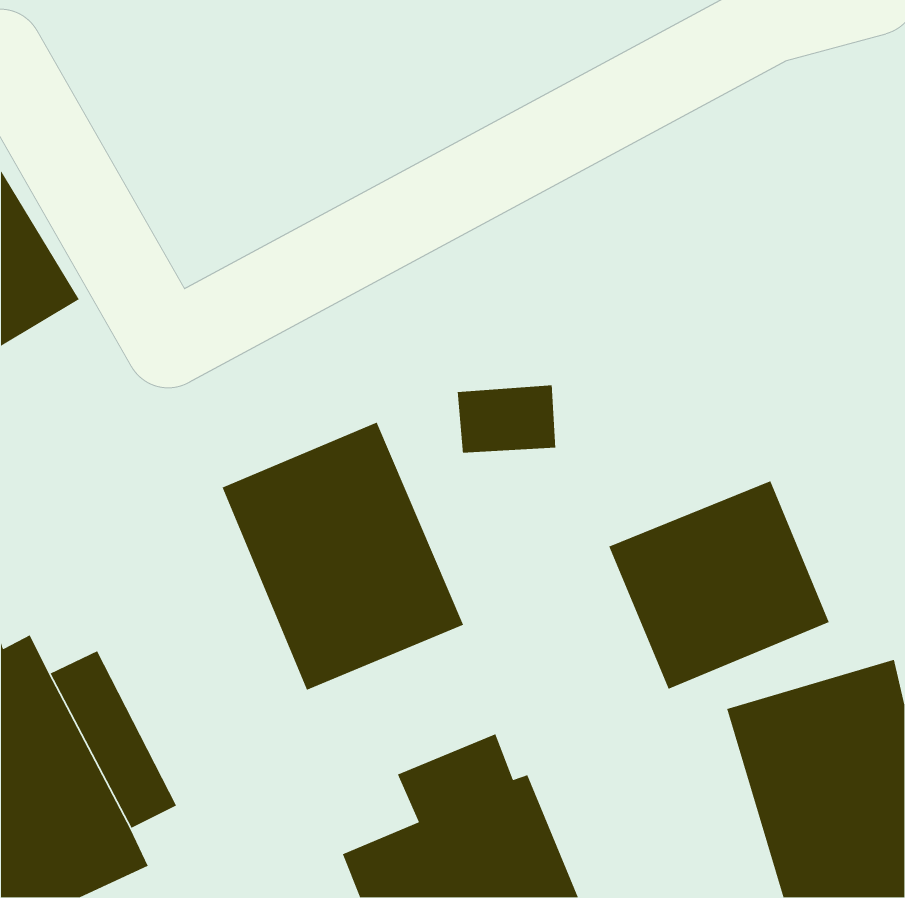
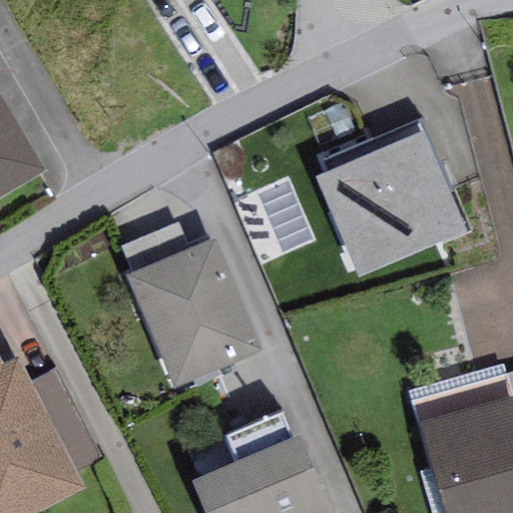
building: none -> [316,116,466,278]
building: [608,480,830,690] -> none

